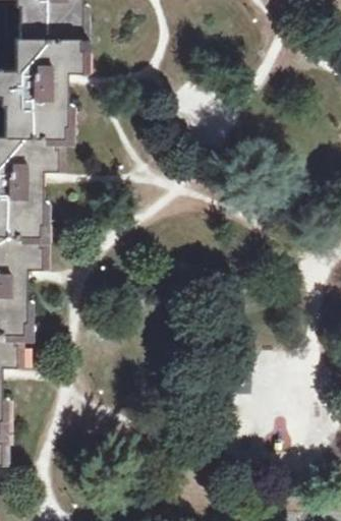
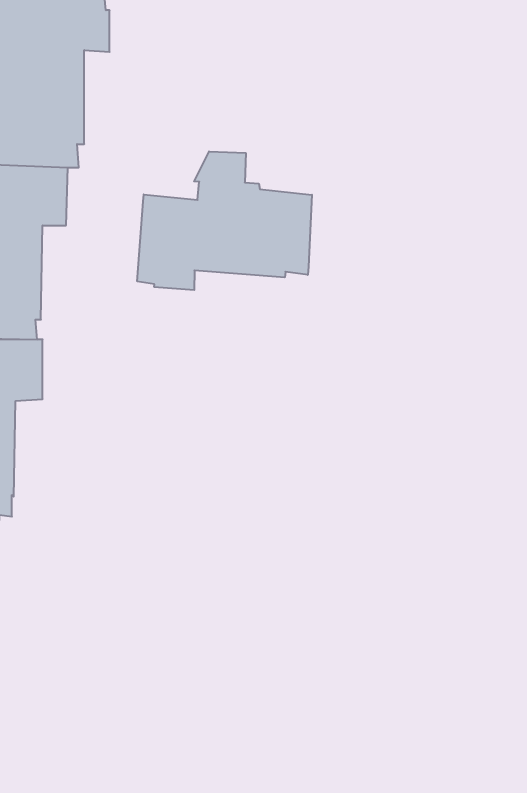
building: none -> [137,151,312,290]

